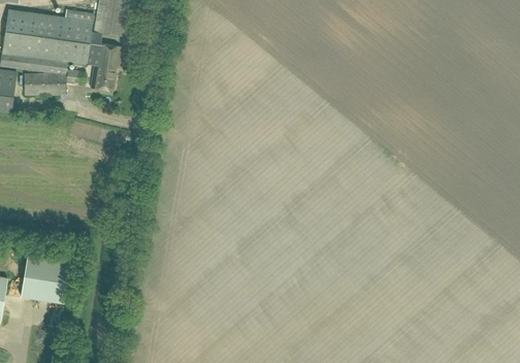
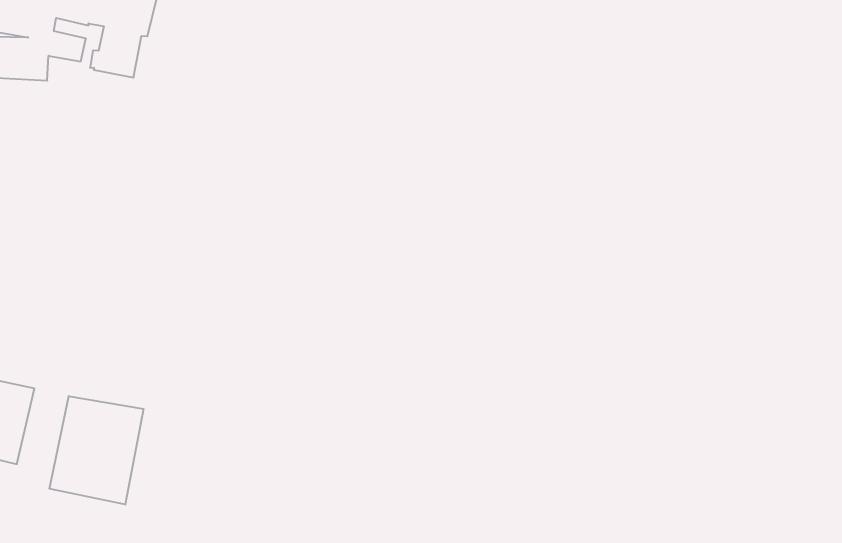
building: none -> [49,396,144,505]

